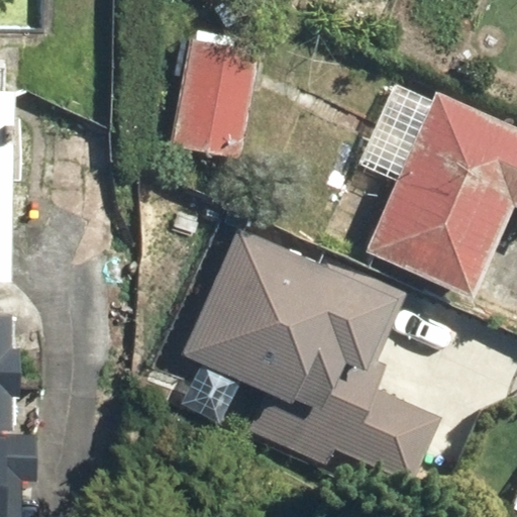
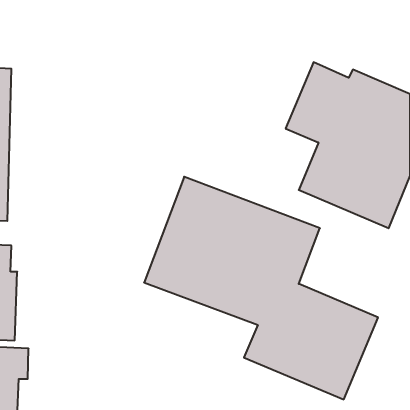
building: [166,50,251,168] -> none

